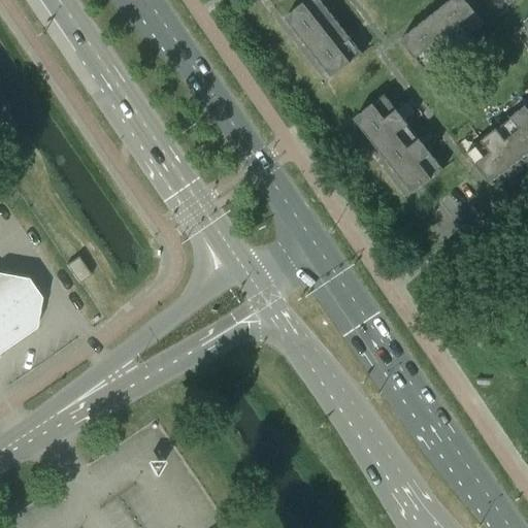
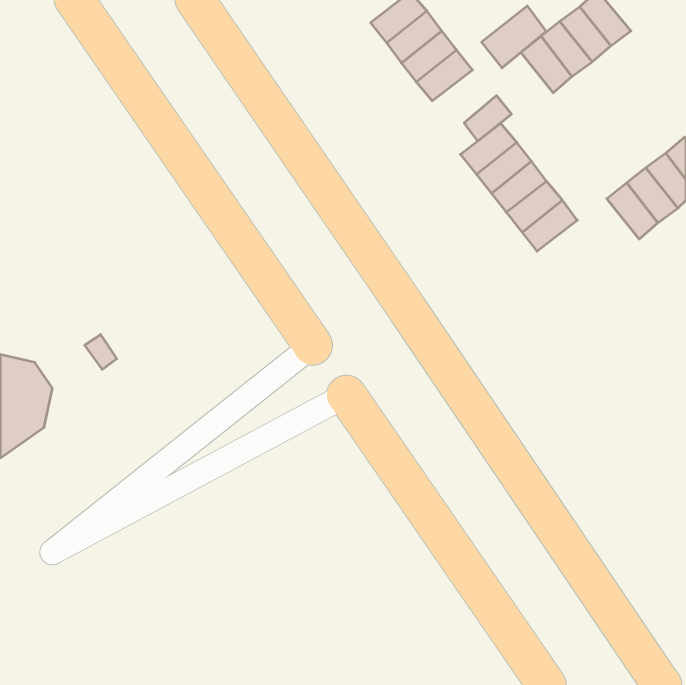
building: none -> [482,6,546,68]
building: none -> [464,96,511,141]

